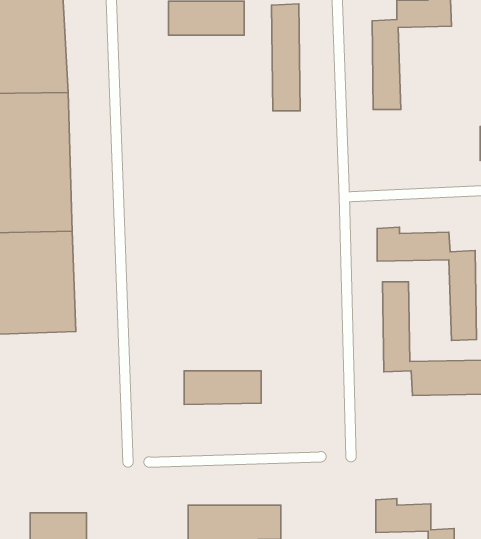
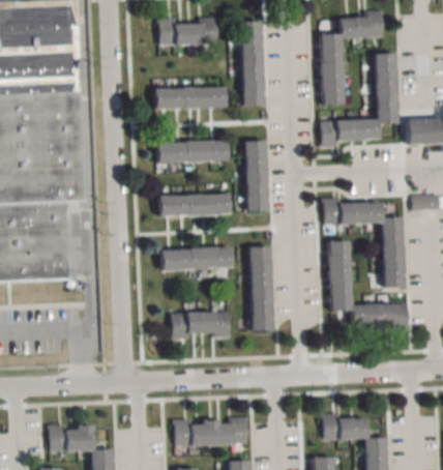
building: none -> [322,53,397,147]
building: none -> [154,86,227,110]
building: none -> [156,140,229,164]
building: none -> [245,140,268,211]
building: none -> [158,193,231,217]
building: none -> [160,246,233,270]
building: none -> [250,246,273,331]

